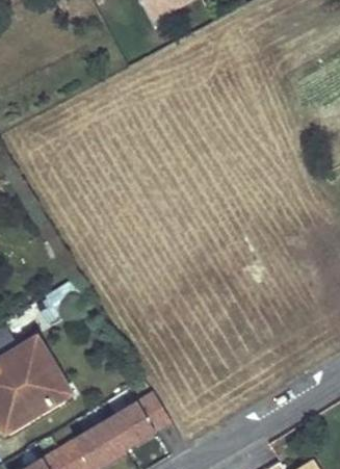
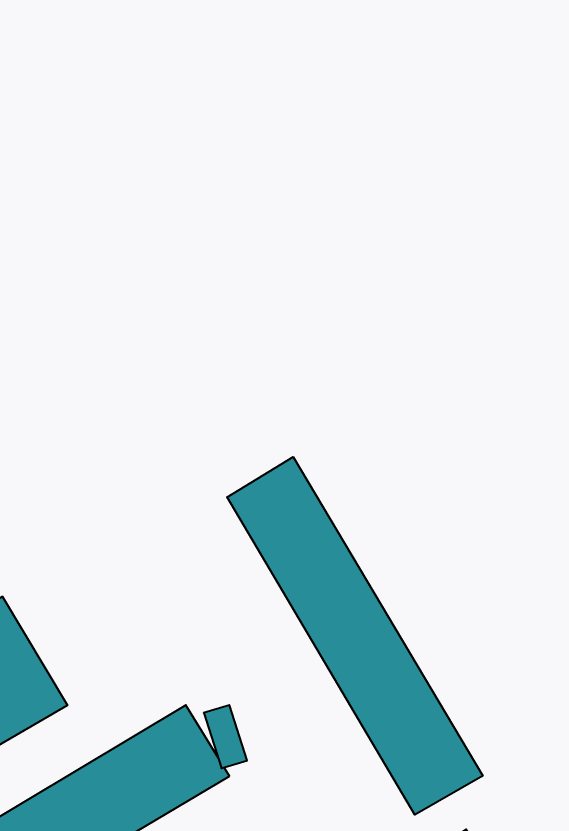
building: none -> [227,457,483,815]

